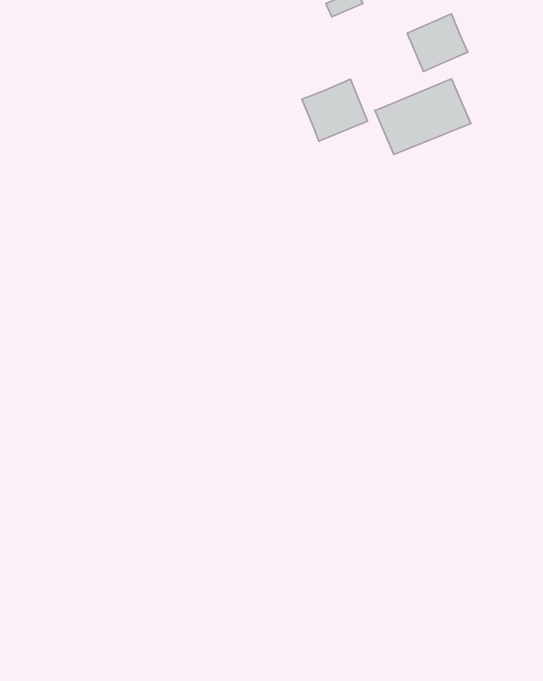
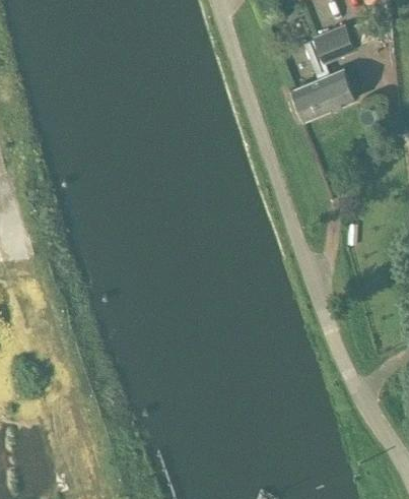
building: [302,79,367,141] -> none

